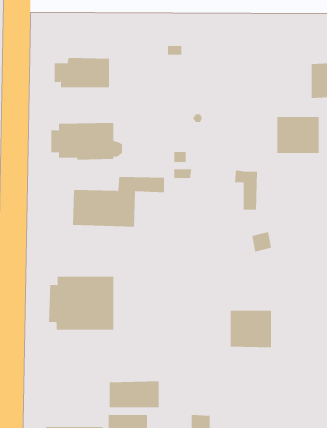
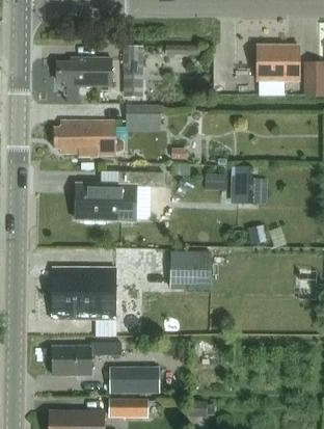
building: none -> [124,45,143,96]
building: none -> [126,104,160,120]
building: [276,117,320,153] -> [256,45,298,80]
building: [230,310,272,348] -> [170,250,211,287]
building: none -> [52,341,122,379]

